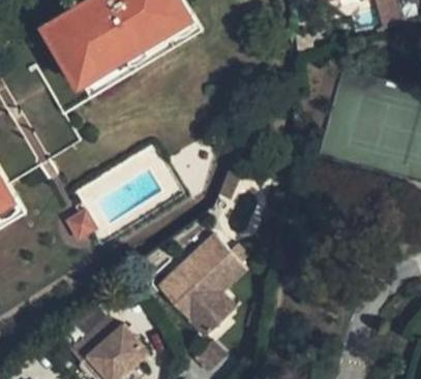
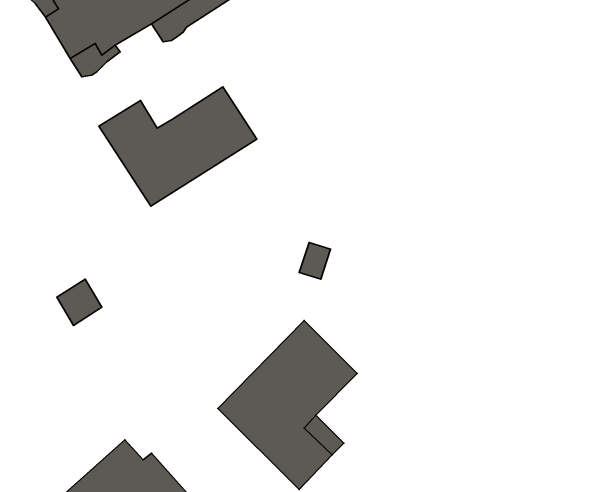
building: none -> [99,87,257,206]

